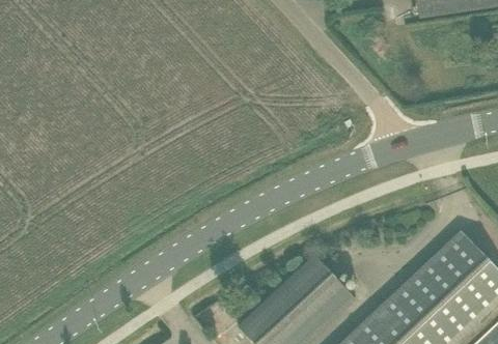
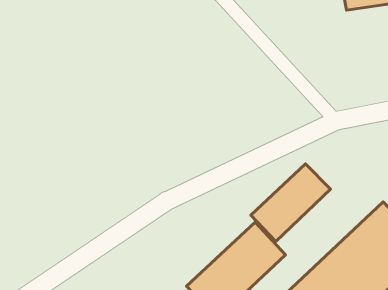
building: none -> [251,164,331,242]

